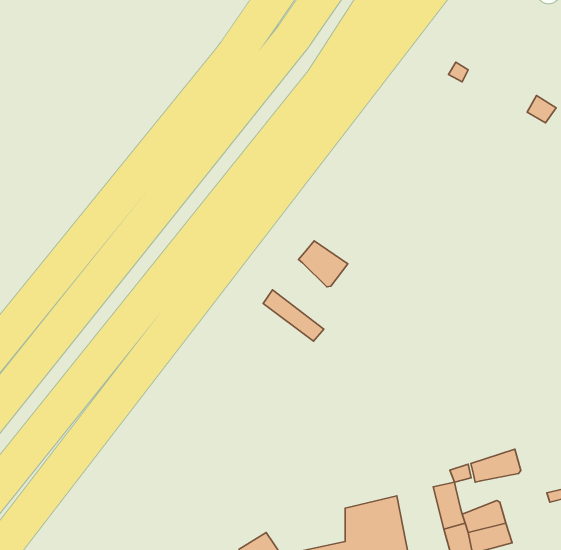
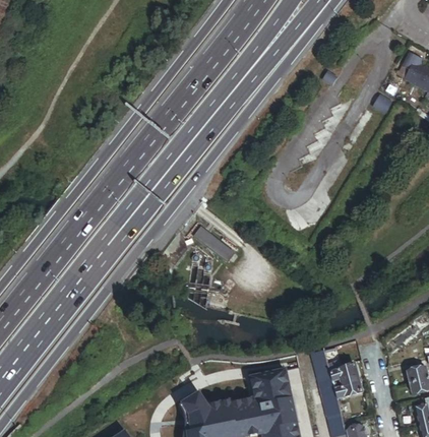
building: [299,241,348,287] -> none
building: [471,449,521,482] -> none

